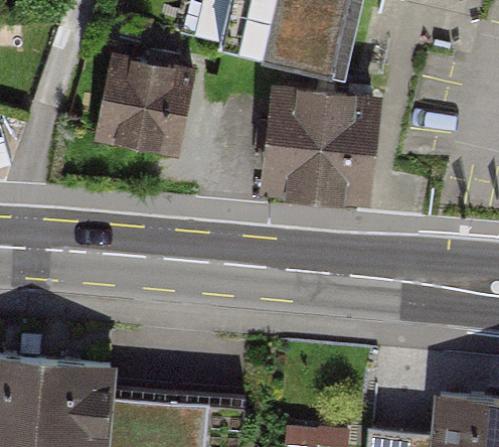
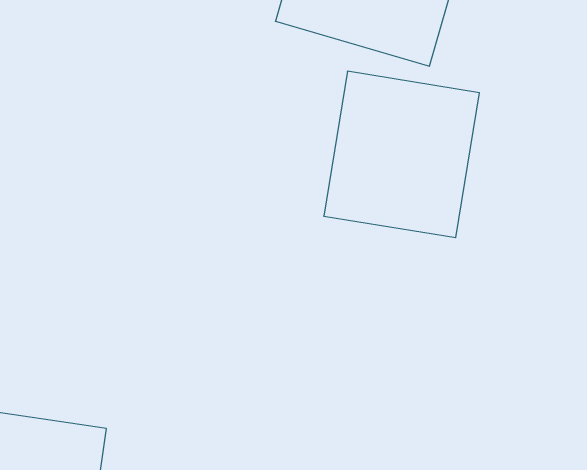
building: [98,58,195,160] -> none

